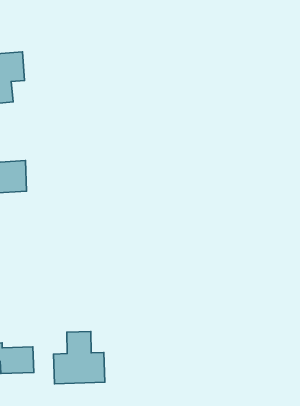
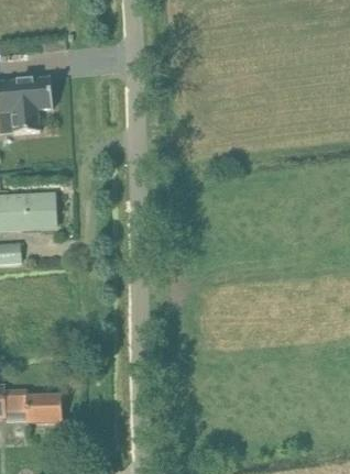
building: [53,332,105,384] -> none

